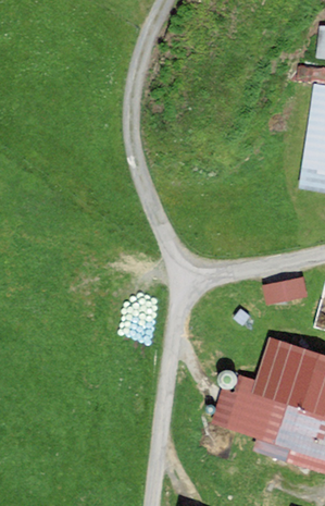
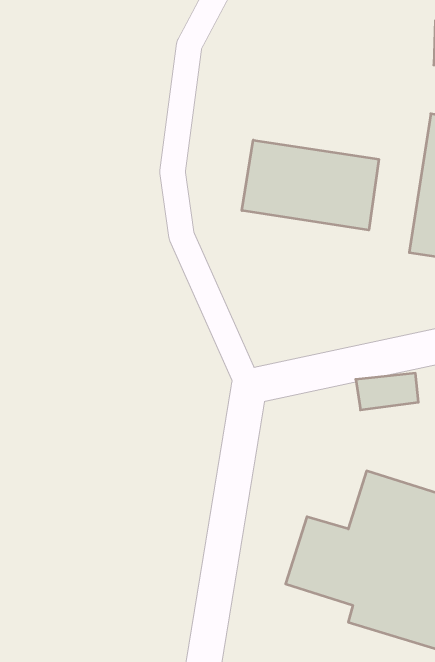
building: none -> [242,140,379,230]

